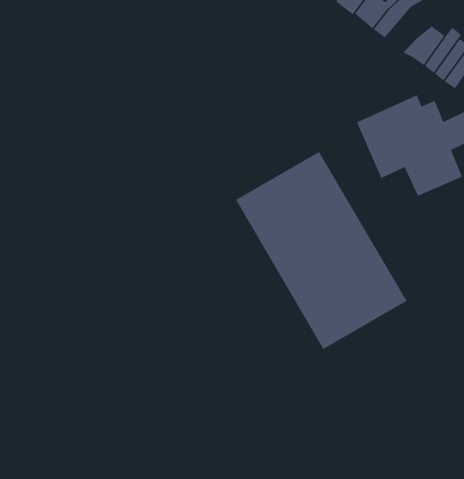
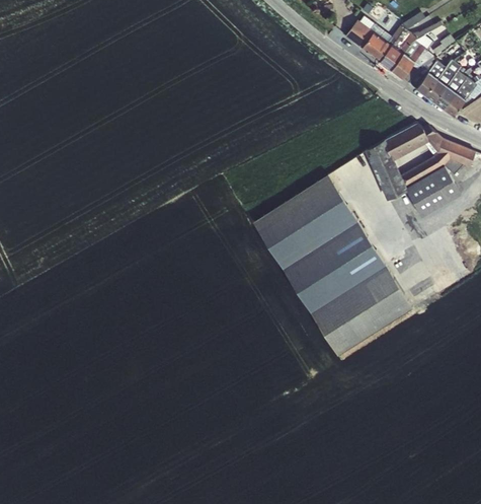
building: none -> [391,43,433,84]

